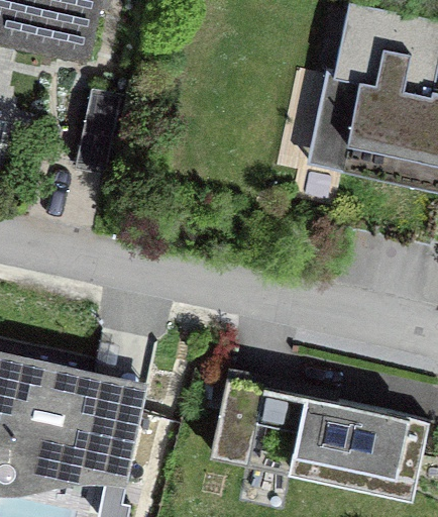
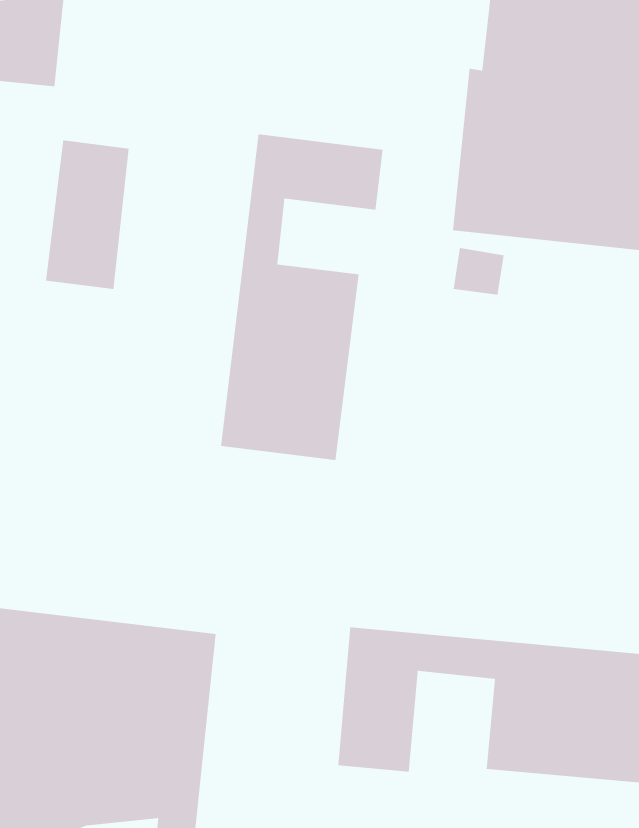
building: none -> [220,133,383,461]

